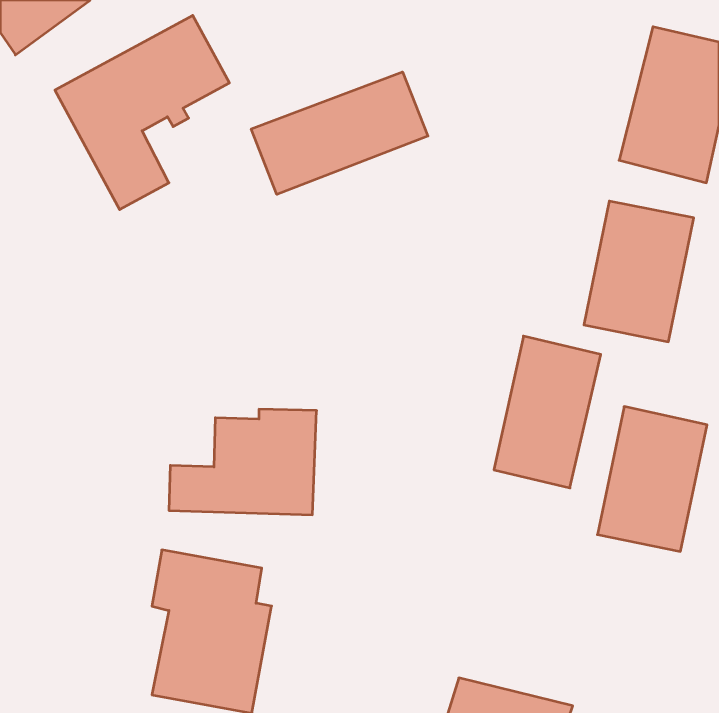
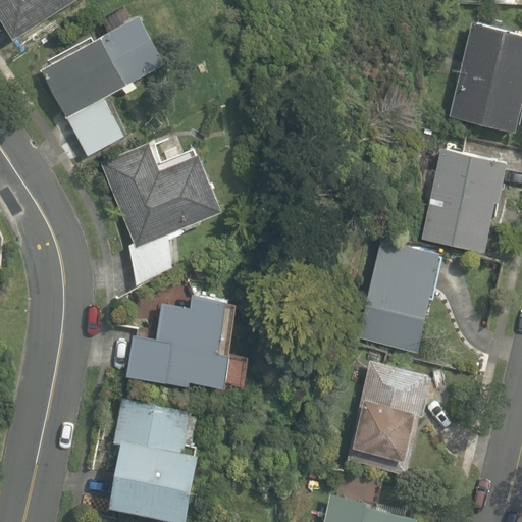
building: [251,72,428,194] -> none
building: none -> [106,145,223,285]
building: [597,407,707,551] -> [345,353,424,458]

